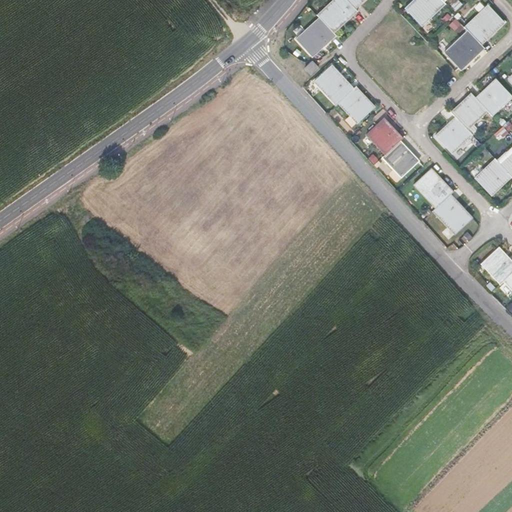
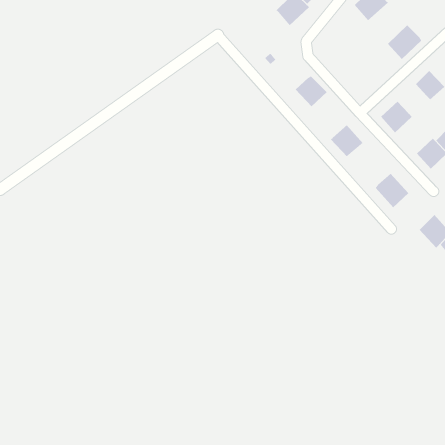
building: [466,4,504,43] -> none
building: [296,14,336,54] -> none
building: [316,65,355,105] -> none
building: [453,92,490,129] -> none
building: [363,119,402,157] -> none
building: [414,171,453,210] -> none

